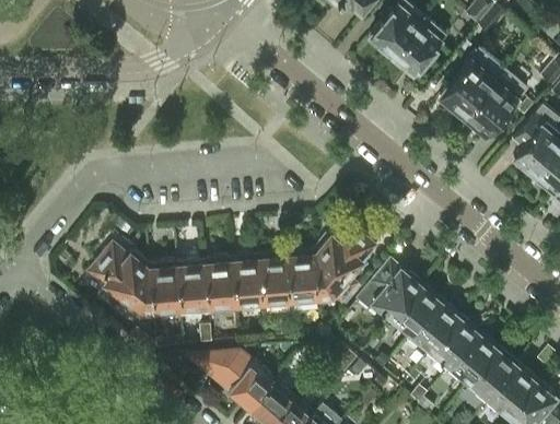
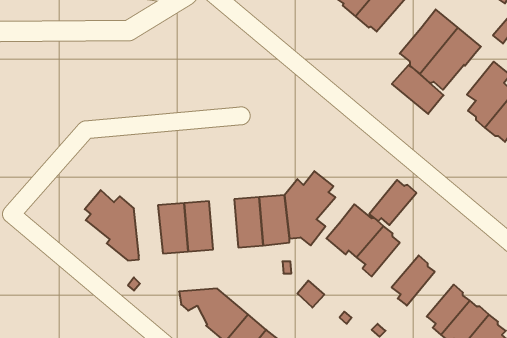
building: none -> [392,65,444,114]
building: [232,255,264,309] -> none
building: [150,261,182,316] -> none
building: [409,302,460,351] -> [369,180,416,225]
building: [447,333,499,382] -> none

